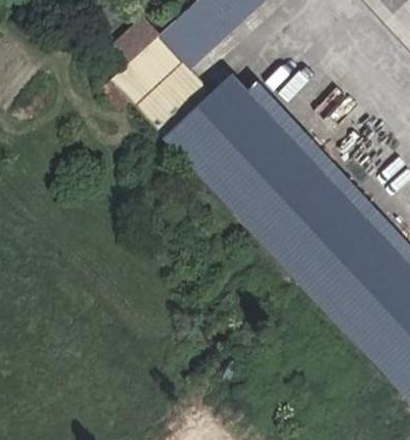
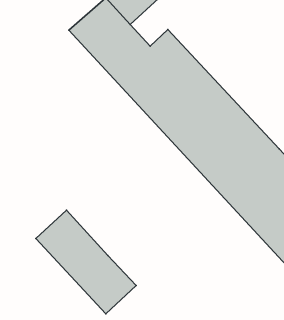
building: none -> [36,210,136,314]

